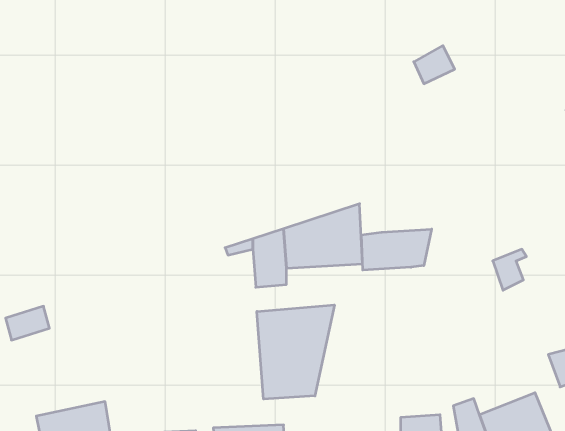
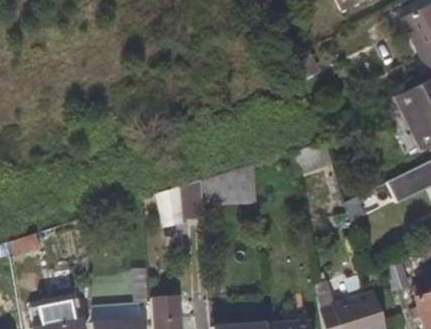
building: [361,229,432,270] -> none
building: [257,305,334,399] -> none

